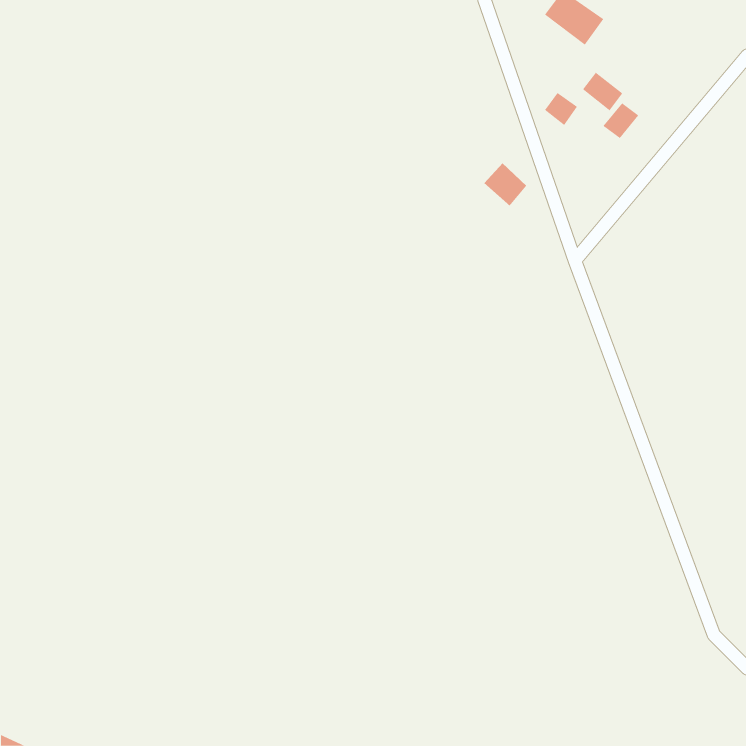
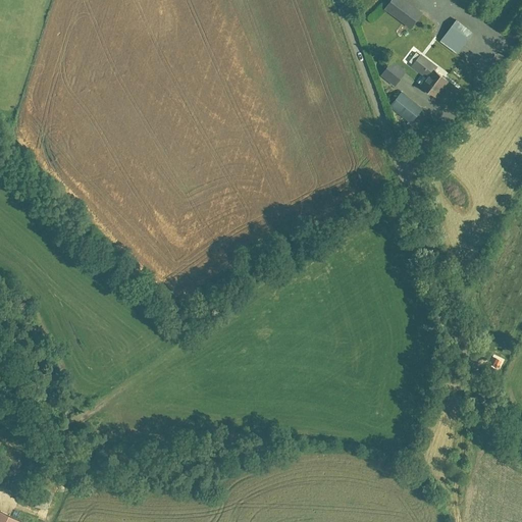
building: none -> [438,20,473,56]
building: [483,163,527,206] -> [390,92,421,122]

